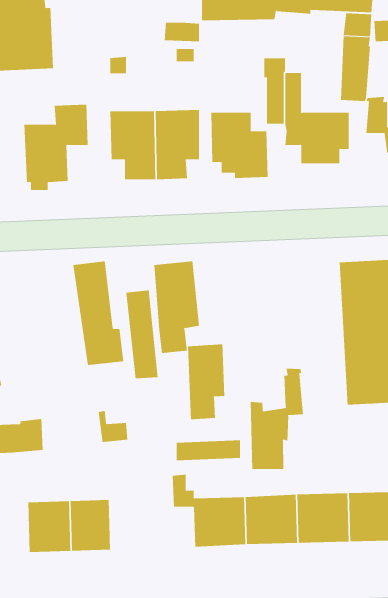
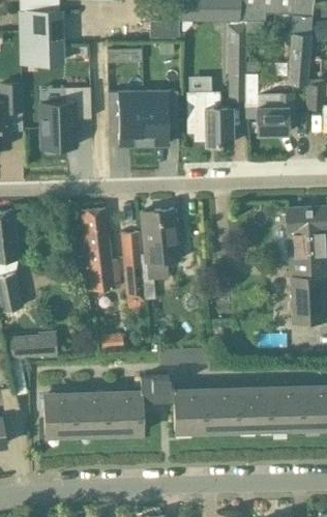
building: [188,344,225,420] -> none
building: [250,368,304,470] -> none
building: none -> [108,376,157,434]

